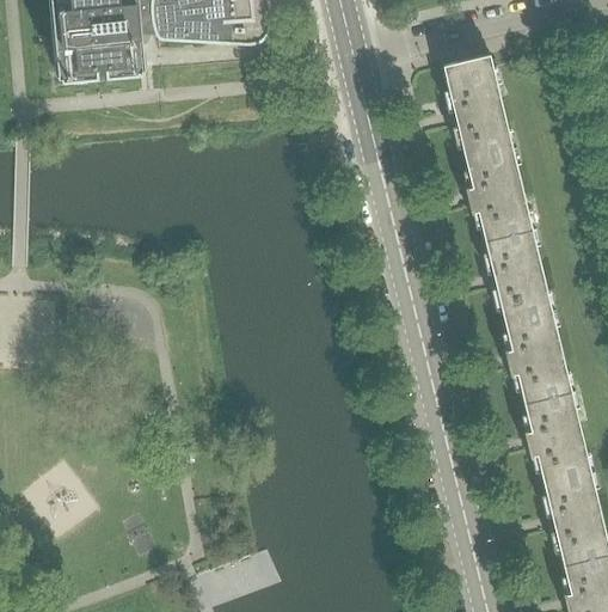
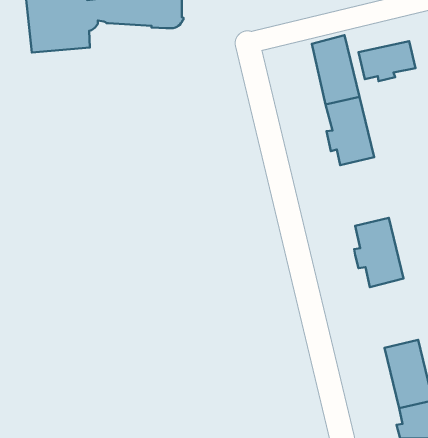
building: none -> [359,41,415,81]
building: [484,222,551,317] -> none
building: [523,390,591,485] -> none

